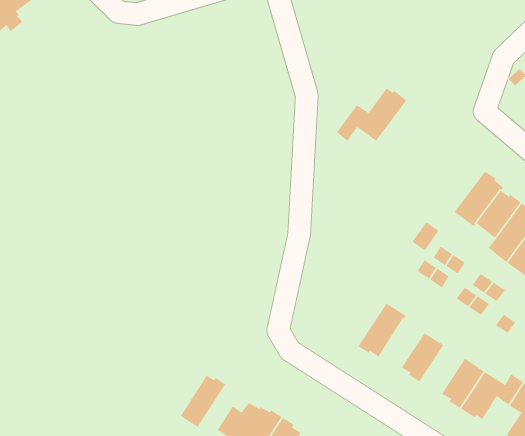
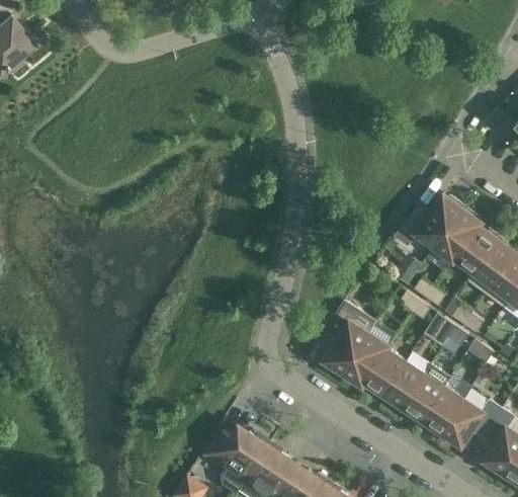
building: [336,88,407,142] -> [397,195,464,247]
building: none -> [317,303,377,376]
building: none -> [364,349,407,396]
building: none -> [403,366,450,421]
building: [180,374,226,428] -> none

